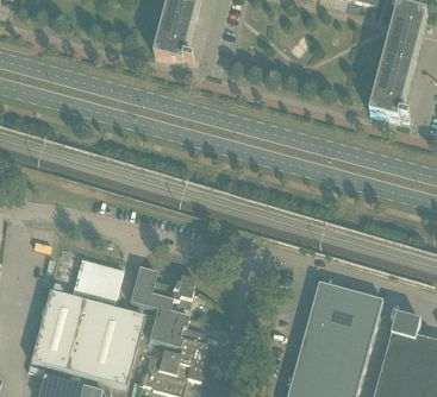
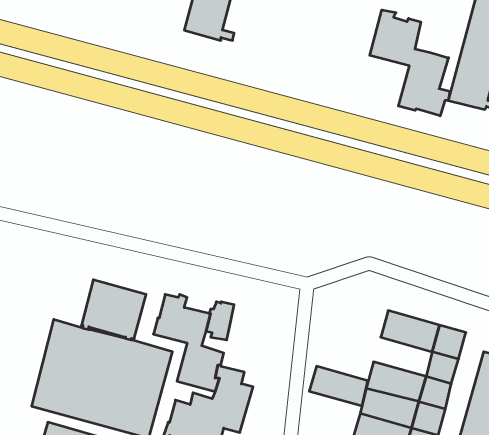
building: none -> [370,10,450,116]
building: [307,303,355,335] -> [309,366,368,406]

